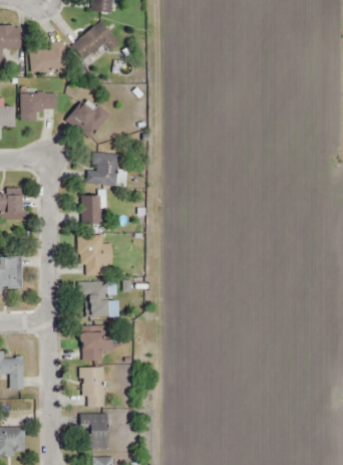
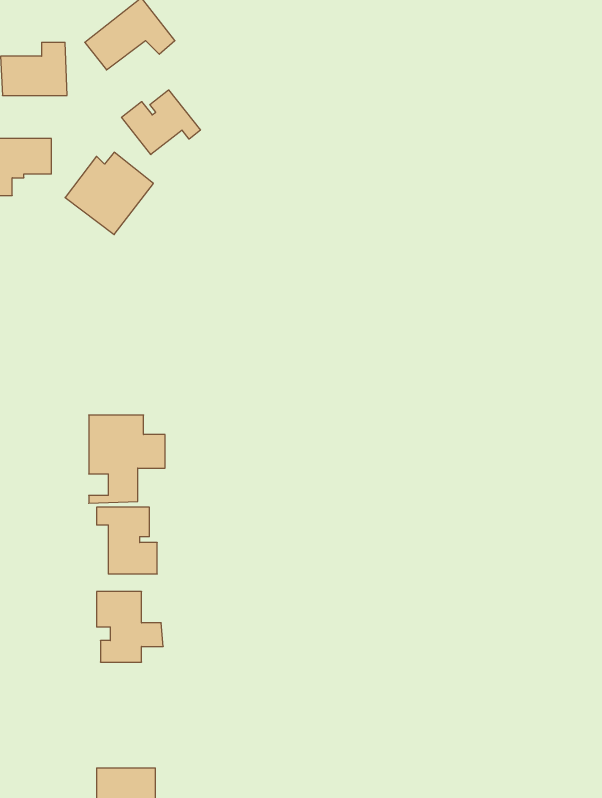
building: none -> [122,90,200,155]
building: [87,153,119,184] -> none
building: [79,195,102,224] -> none
building: [78,369,102,407] -> none

